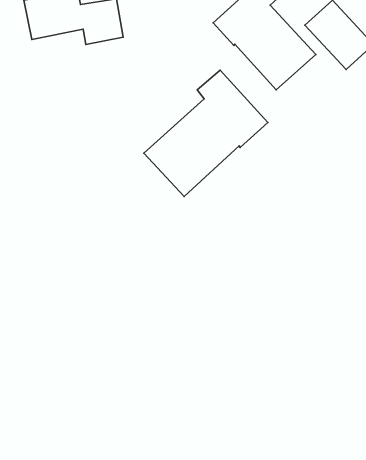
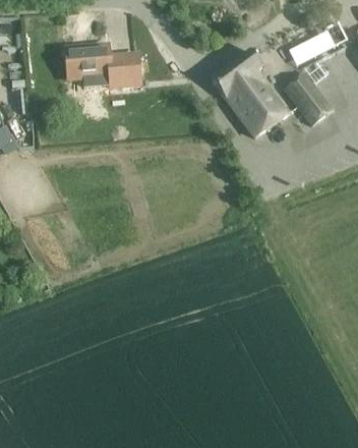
building: [144,70,268,196] -> none

